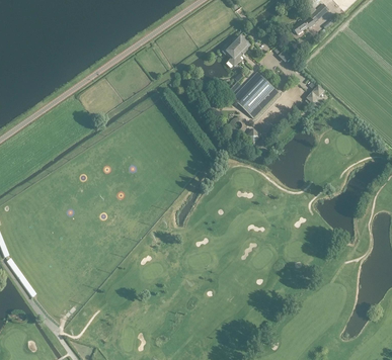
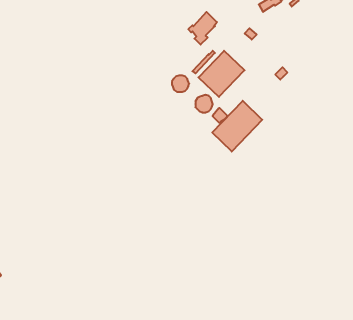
building: none -> [212,101,262,152]

